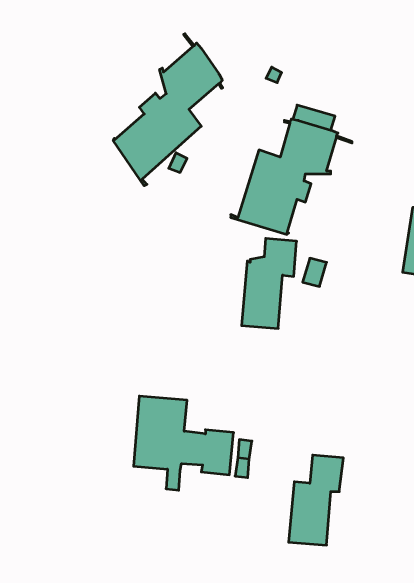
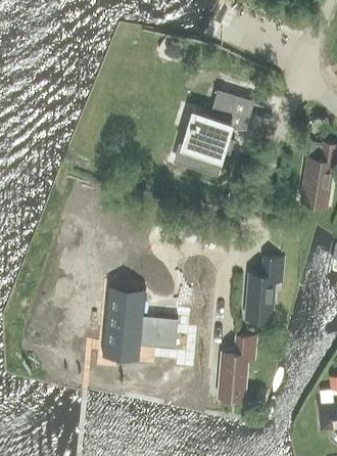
building: [113,34,223,186] -> none
building: [242,238,297,328] -> [243,257,283,322]

